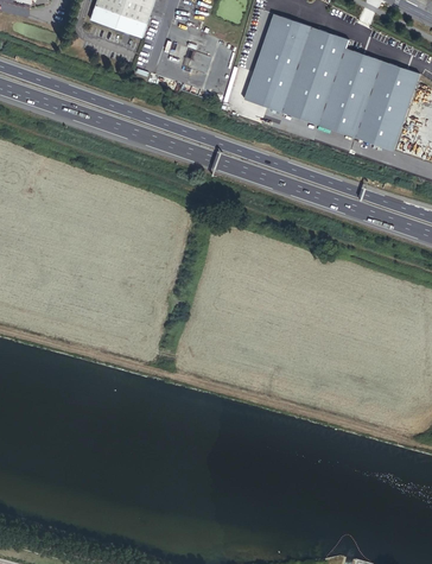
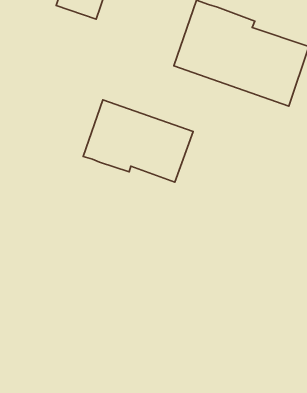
building: none -> [83,100,193,182]

